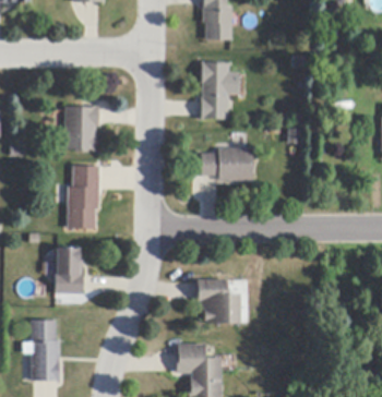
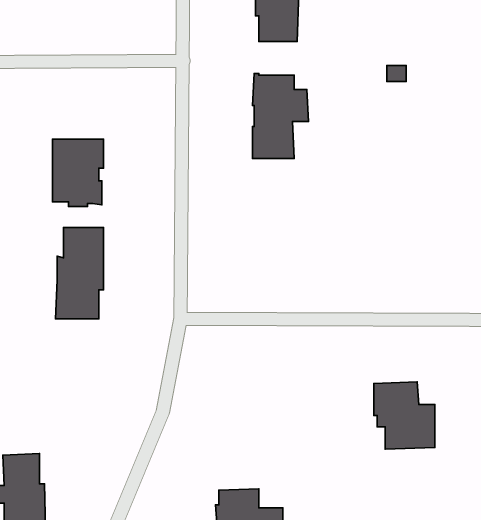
building: [201,147,253,180] -> none
building: [55,248,83,293] -> none
building: [198,278,239,324] -> [374,382,435,449]

